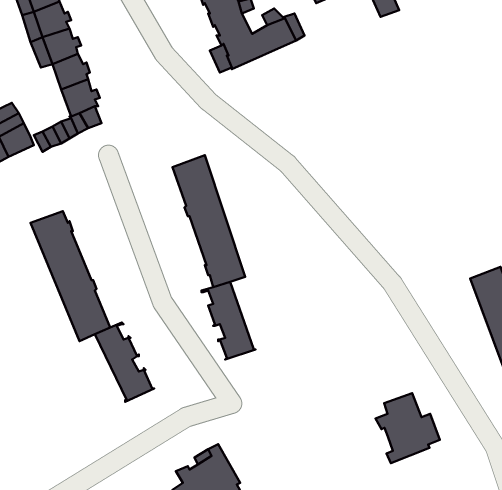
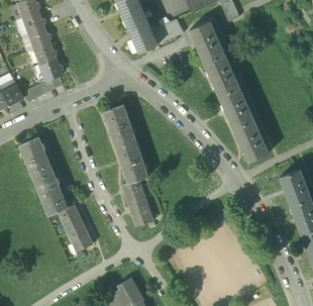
building: none -> [191,20,269,162]
building: [376,393,440,463] -> none

